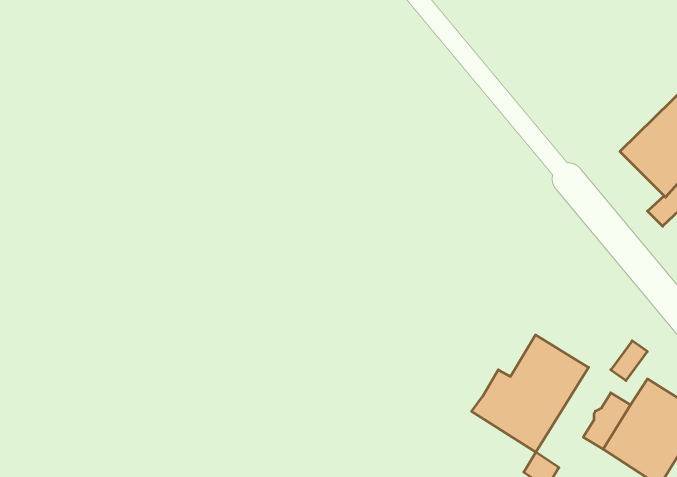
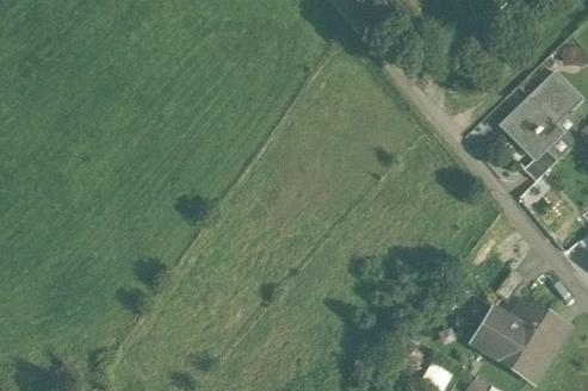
building: [472,335,589,452] -> none

